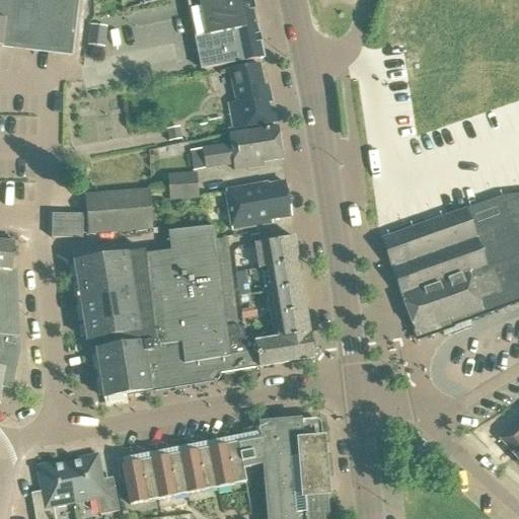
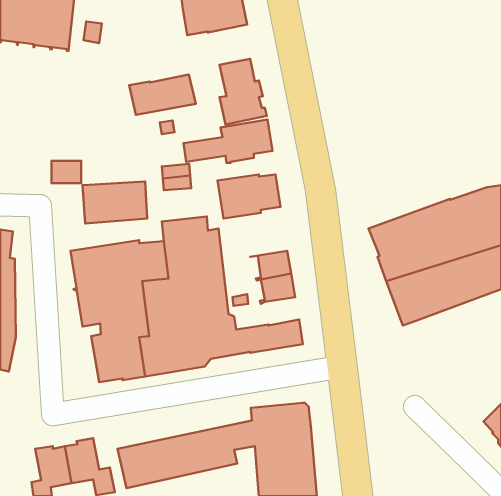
building: [194,25,263,67] -> [129,75,196,115]
building: [52,212,82,235] -> [52,161,81,183]
building: [254,234,297,266] -> none
building: [274,307,309,337] -> none

